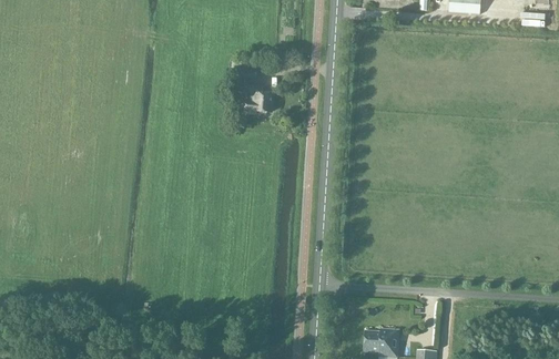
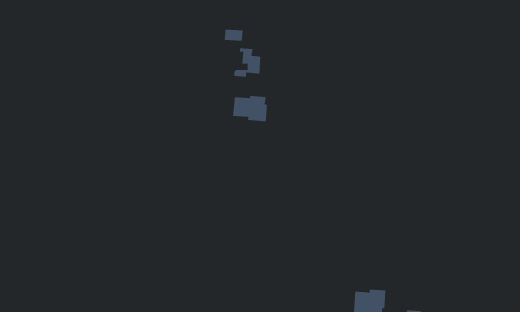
building: none -> [233,95,267,122]

